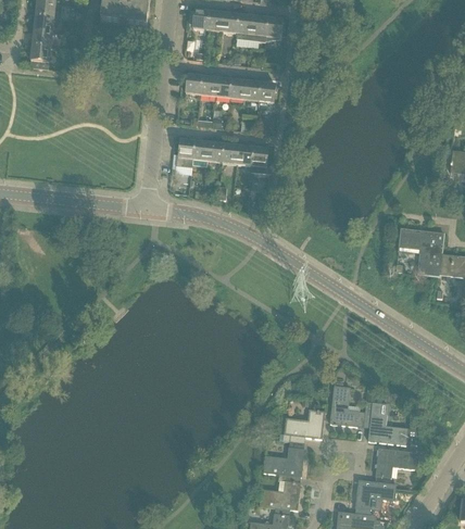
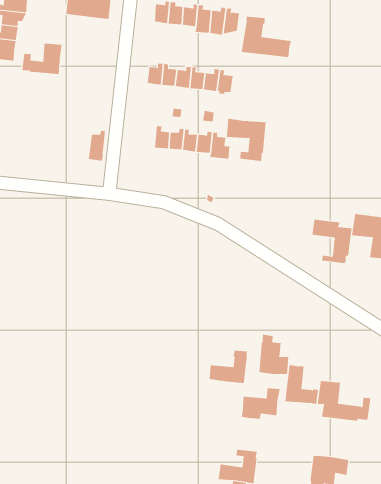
building: none -> [241,16,292,58]
building: none -> [22,43,62,75]
building: none -> [226,118,266,162]
building: [176,136,194,168] -> [88,130,106,161]
building: none -> [312,219,352,264]
building: none -> [259,334,289,375]
building: [263,441,303,476] -> [209,350,248,383]
building: [375,449,415,483] -> none

